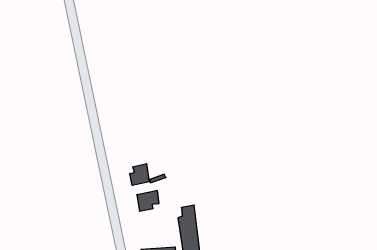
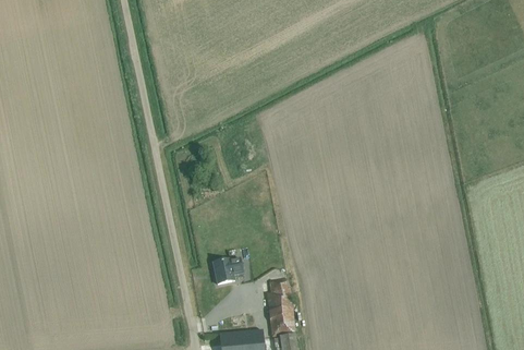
building: [130,164,149,185] -> none

